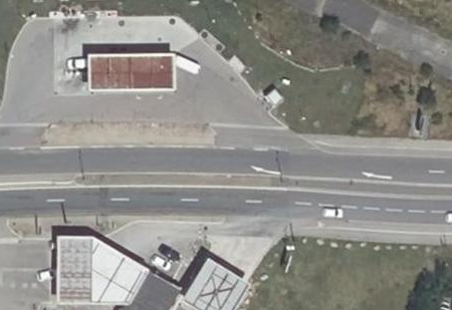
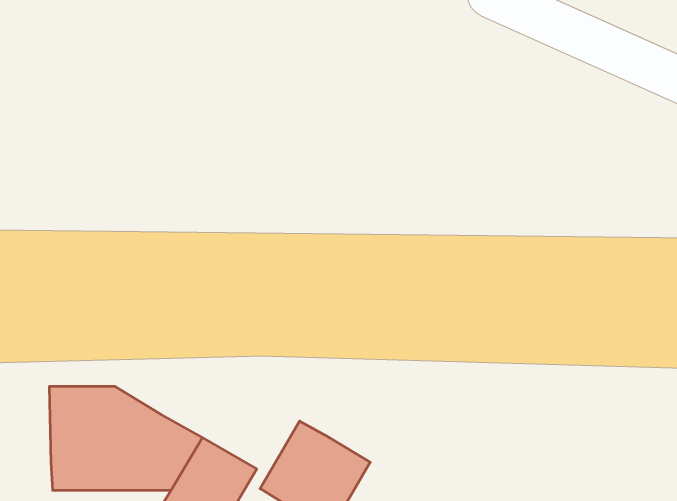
building: [86,52,172,89] -> none

